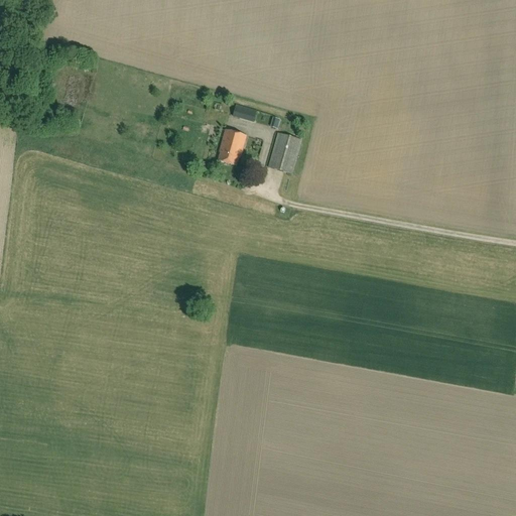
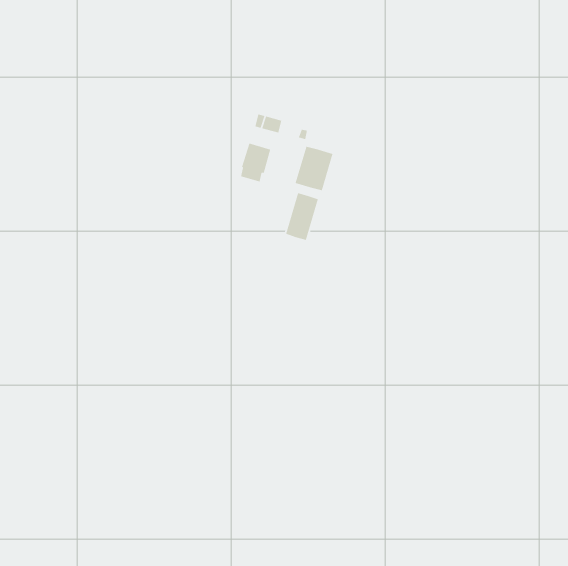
building: none -> [285,192,319,241]

